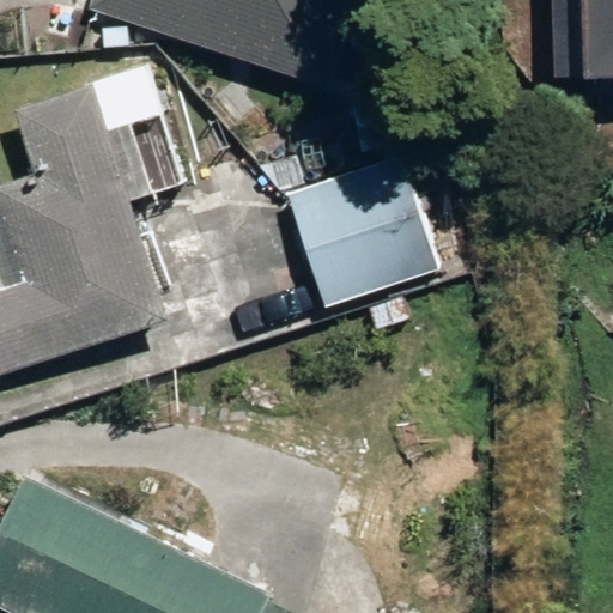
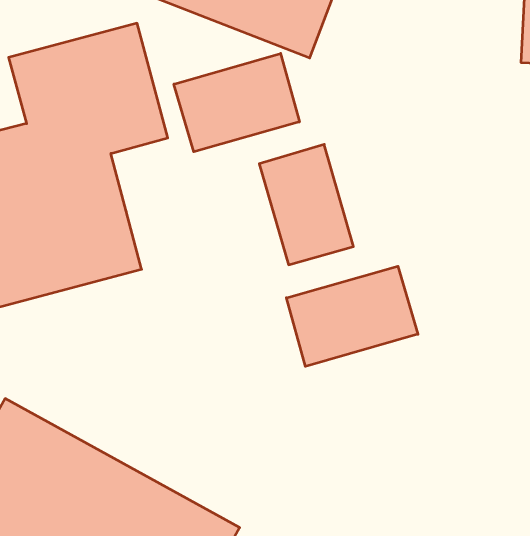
building: none -> [174,53,299,152]
building: none -> [286,266,418,366]

